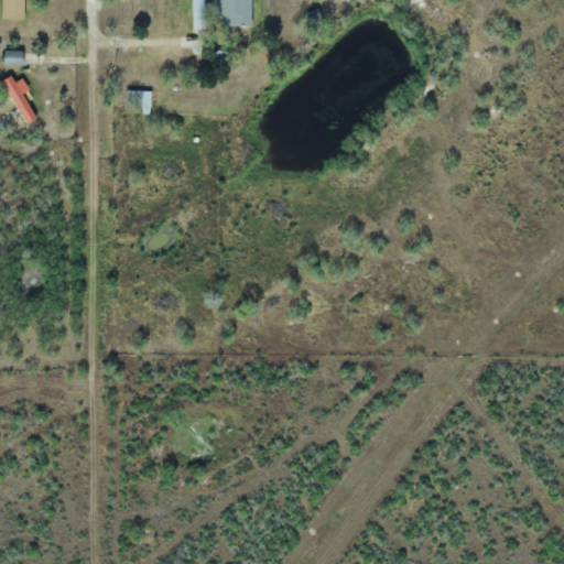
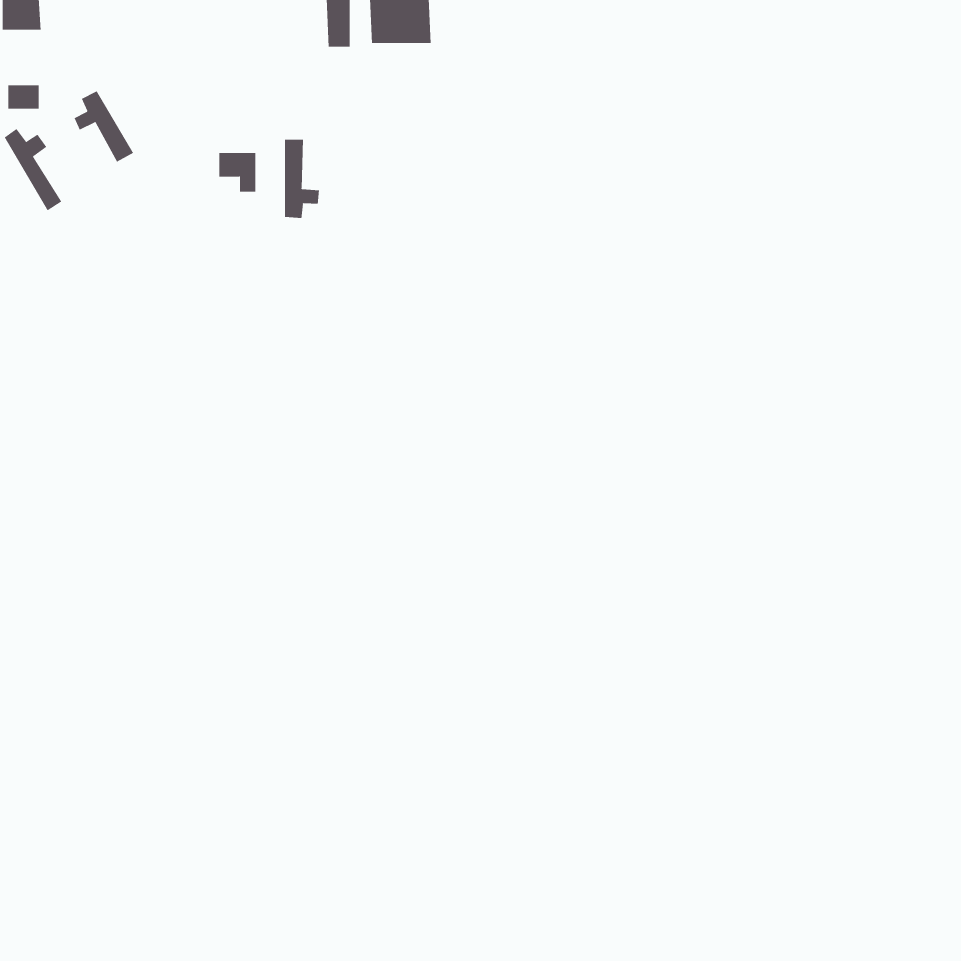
building: none -> [74,91,134,163]
building: none -> [284,139,320,219]

